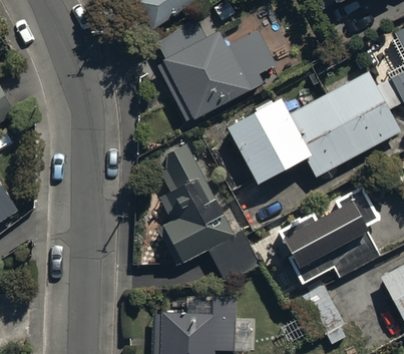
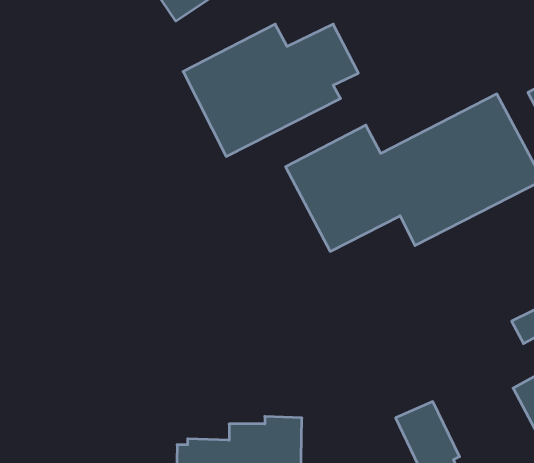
building: [159,143,261,282] -> none
building: [285,192,384,287] -> none

